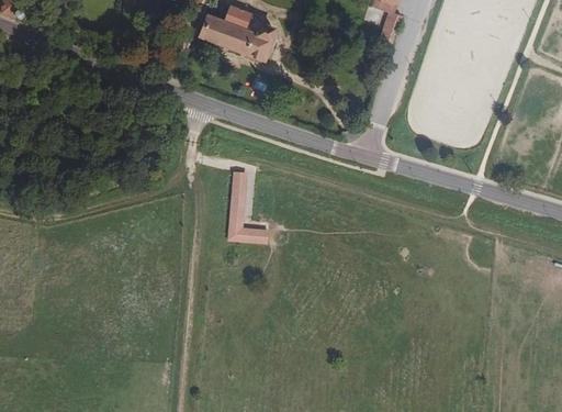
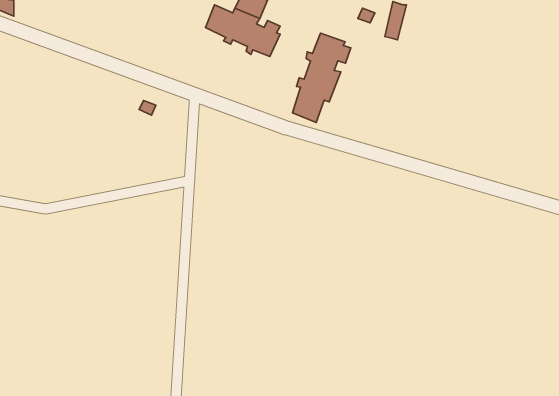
building: none -> [292,33,351,122]
building: [226,176,267,247] -> none

